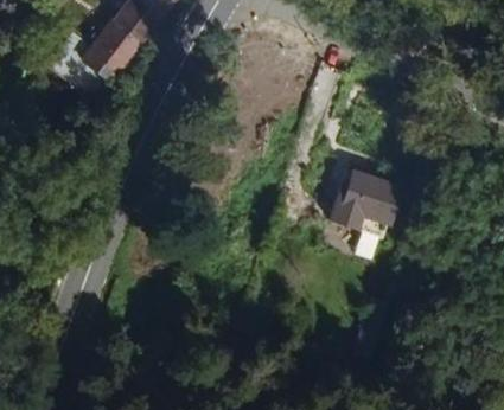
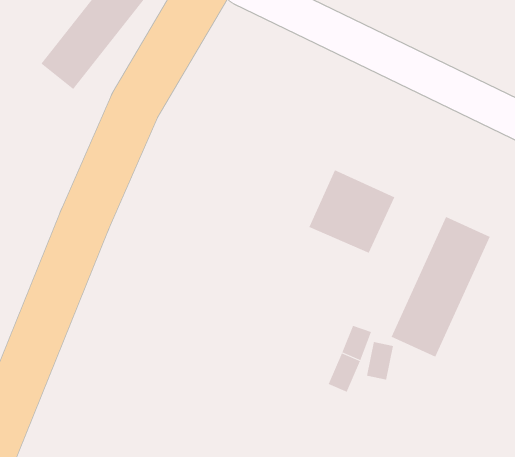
building: none -> [391,216,490,357]

